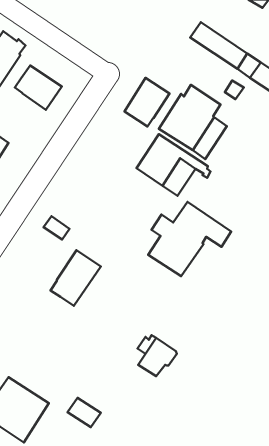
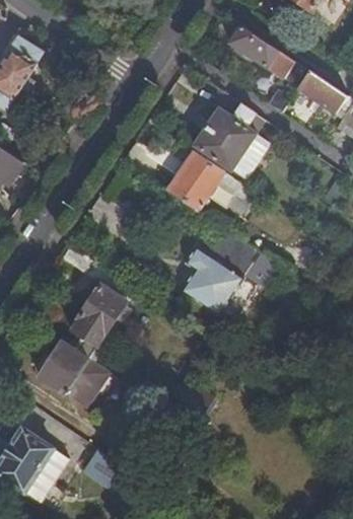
building: [15,65,62,110] -> none
building: [125,78,169,126] -> none
building: none -> [38,337,107,406]

